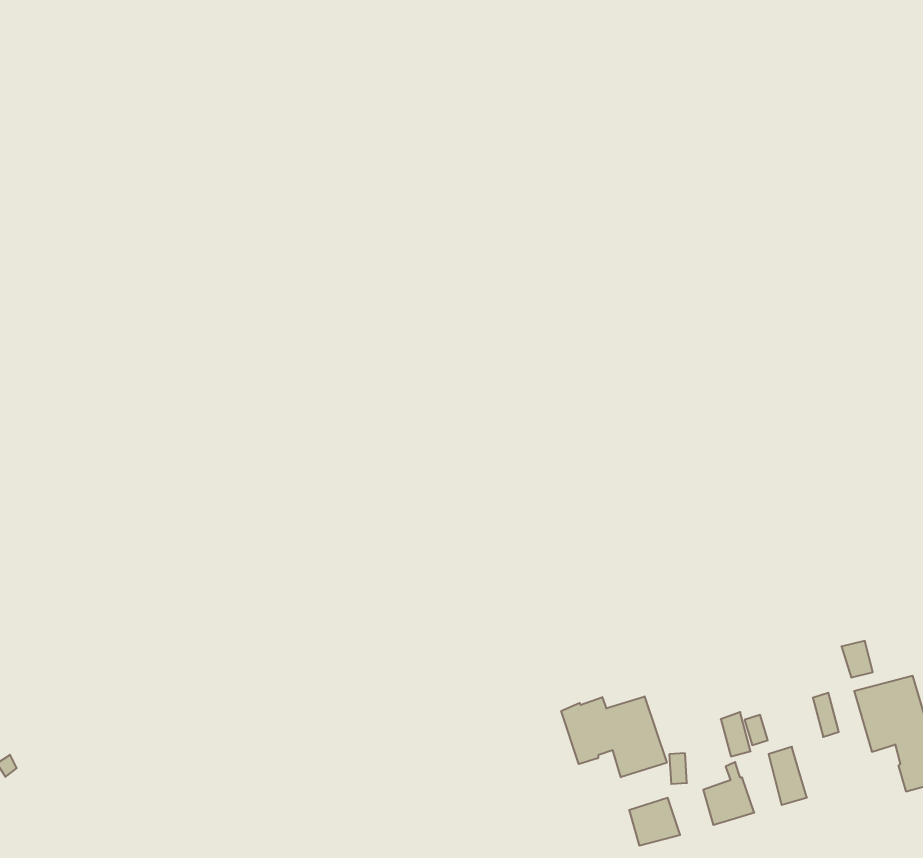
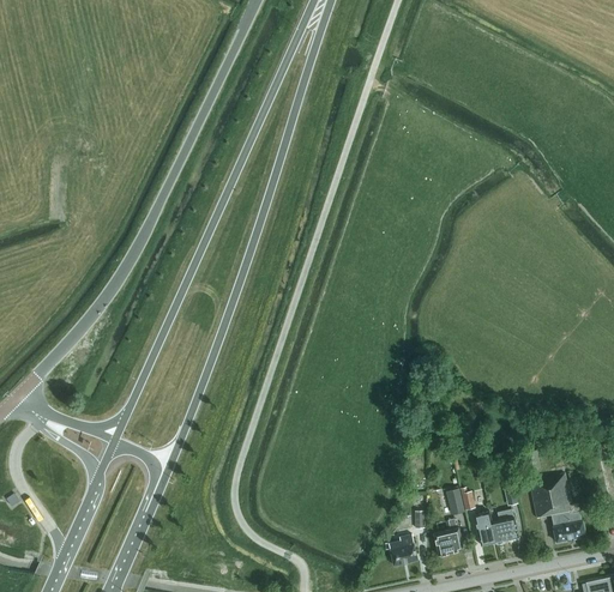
building: [561,696,667,777] -> none
building: none -> [490,509,518,543]

